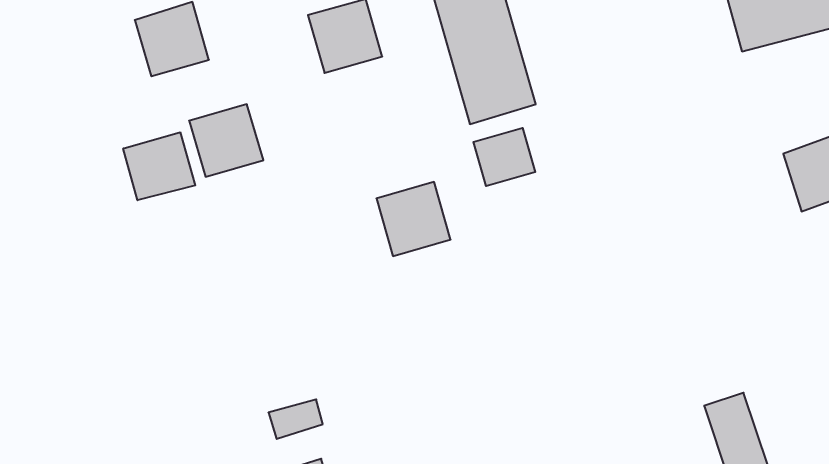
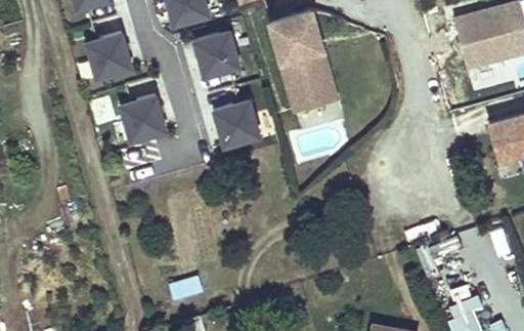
building: [473,128,535,186] -> none
building: [123,132,195,200] -> none
building: [376,182,451,256] -> [213,102,259,149]

